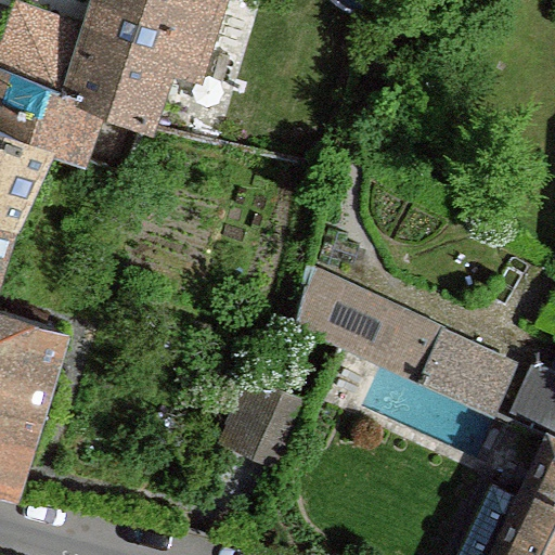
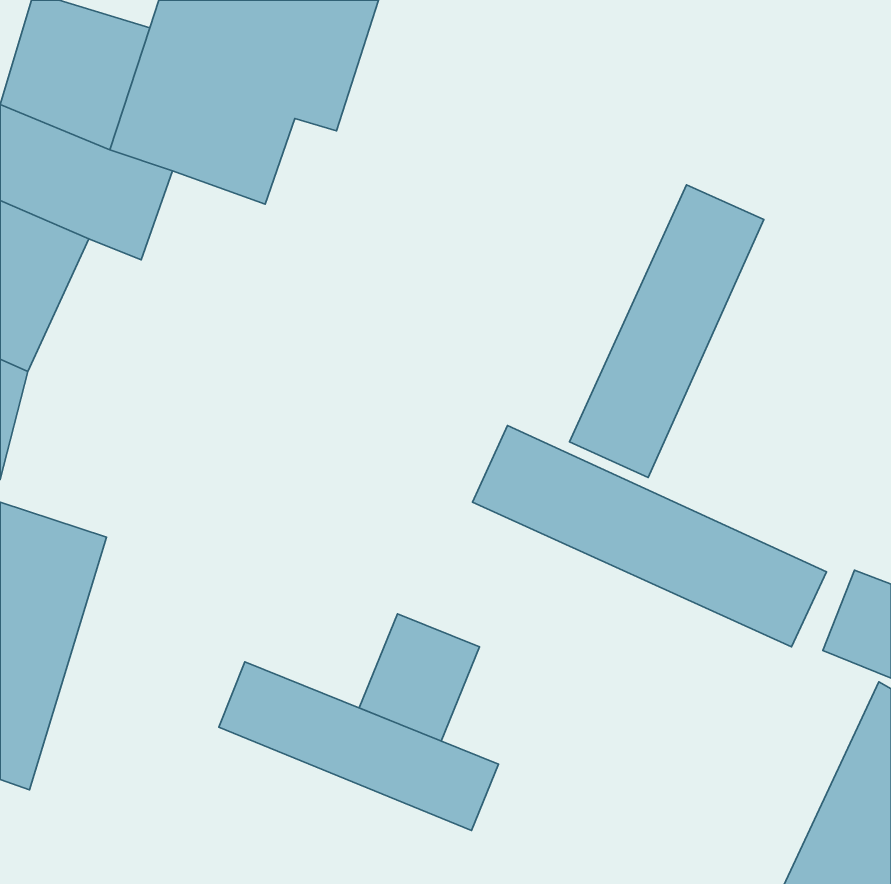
building: none -> [569,185,764,478]
building: none -> [219,662,499,830]

